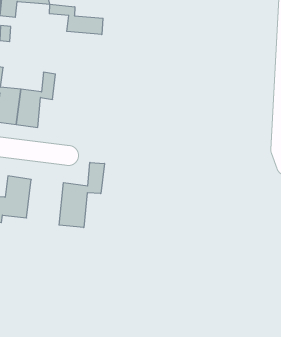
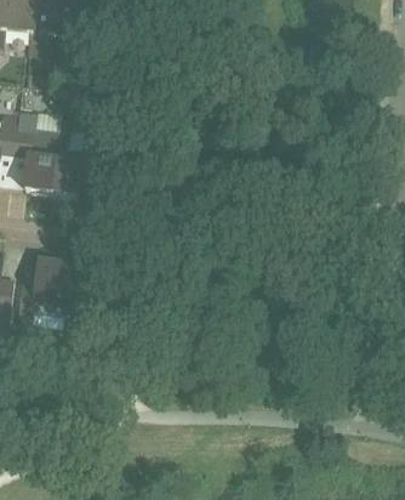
building: [49,4,103,35] -> none
building: [59,162,104,228] -> none

